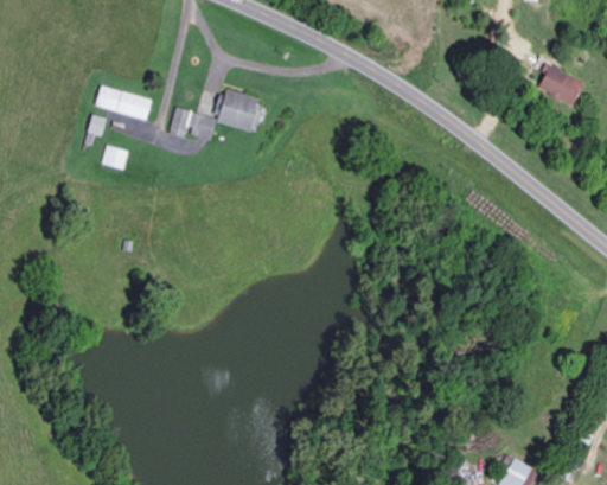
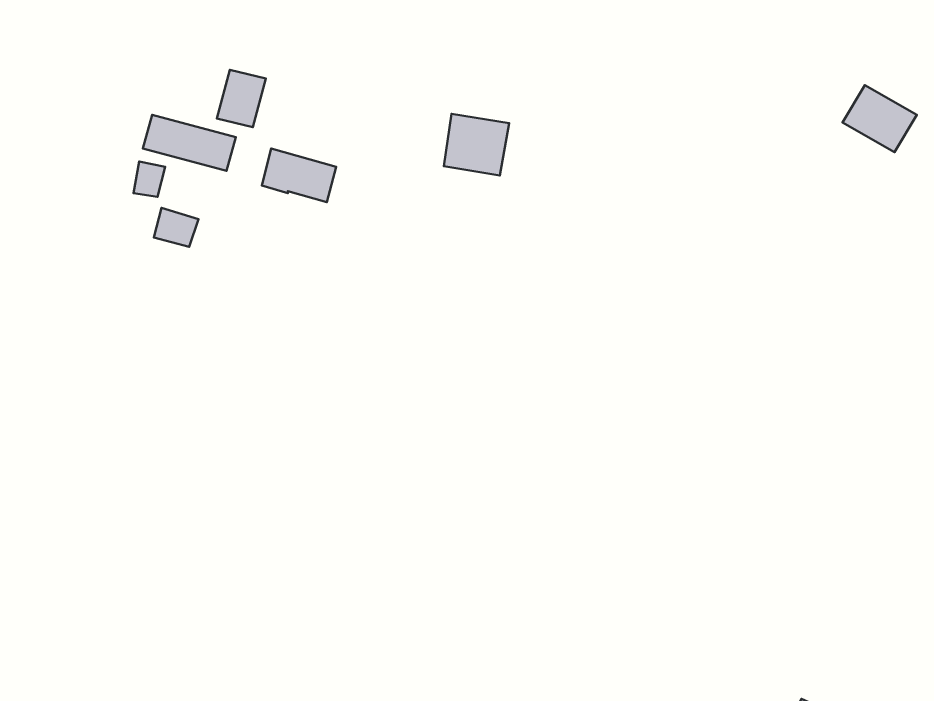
building: none -> [217,70,266,127]
building: [219,91,261,130] -> [444,114,509,175]

